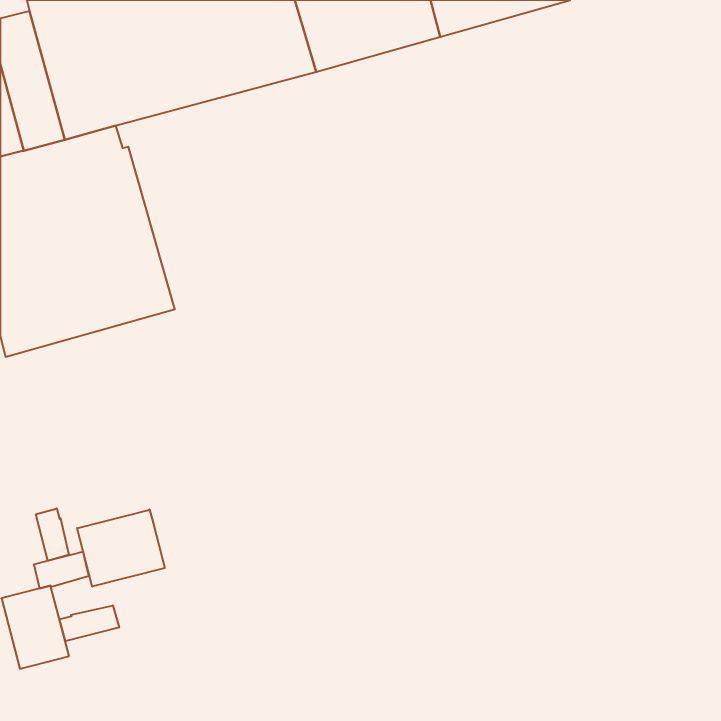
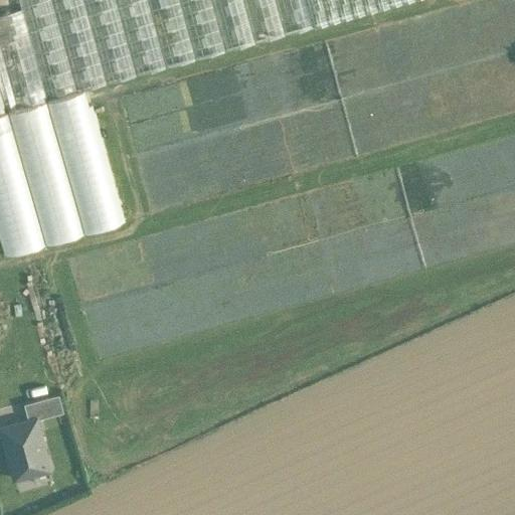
building: [36,508,69,561] -> none
building: [77,509,165,587] -> none
building: [59,605,119,641] -> none

